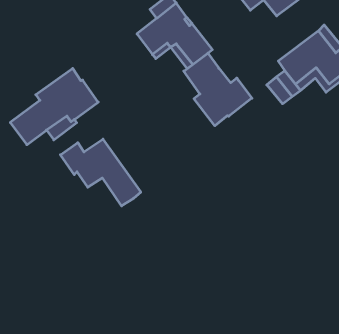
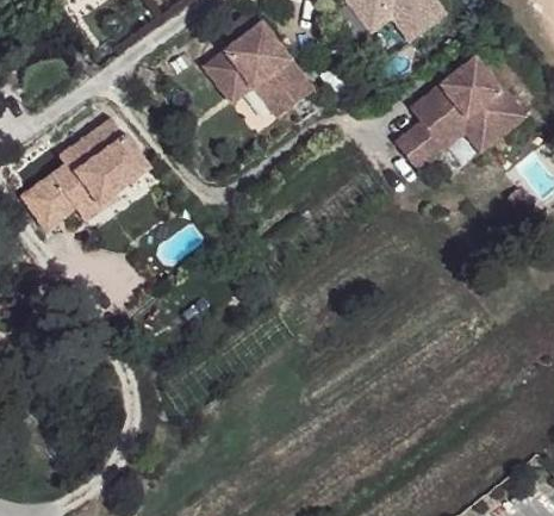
building: [184,53,252,126] -> none
building: [60,139,141,206] -> none

